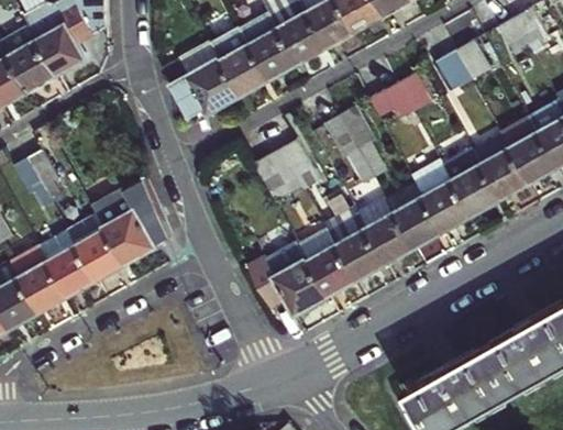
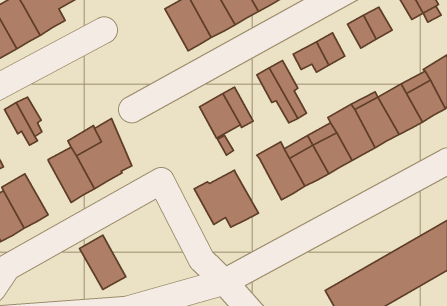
building: [164,44,240,115] -> none
building: [298,229,355,296] -> none
building: [38,231,96,298] -> [80,235,126,289]

